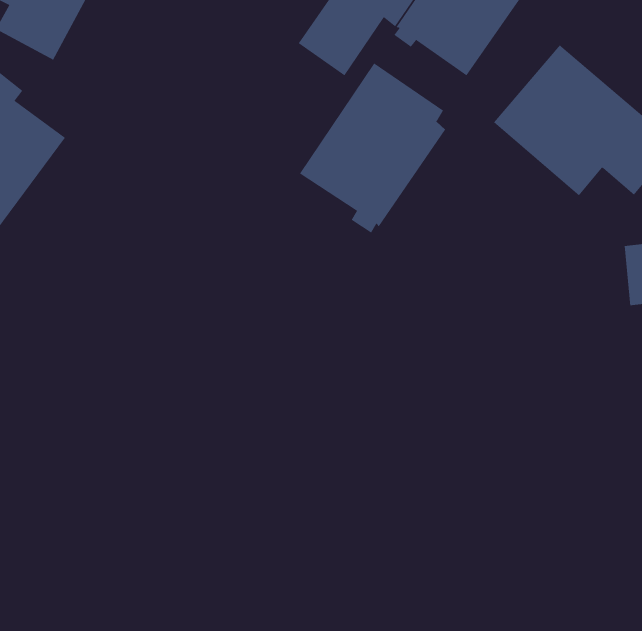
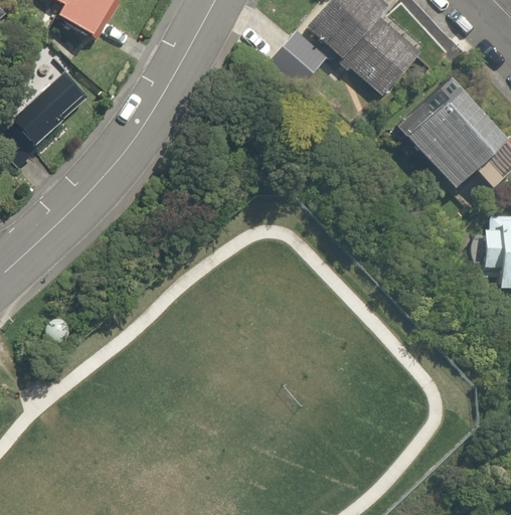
building: [299,63,446,233] -> none

